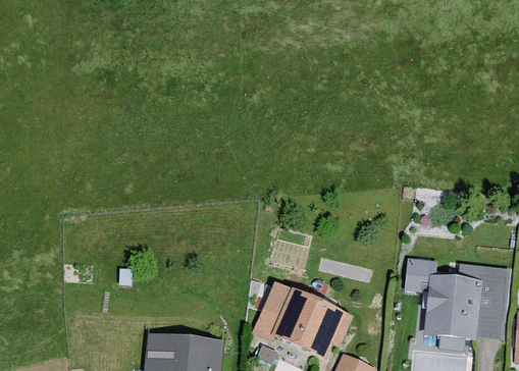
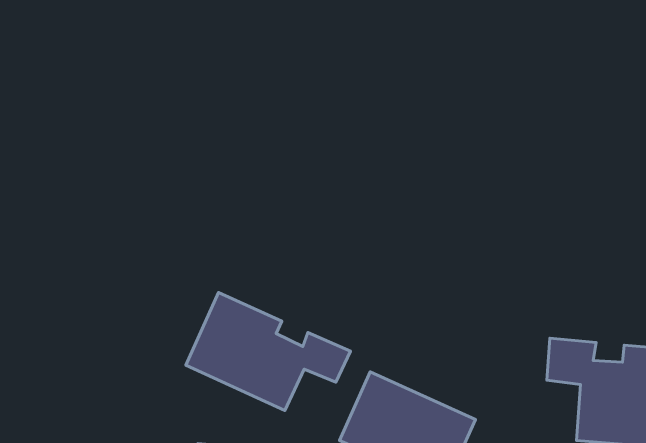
building: none -> [186,292,351,411]

